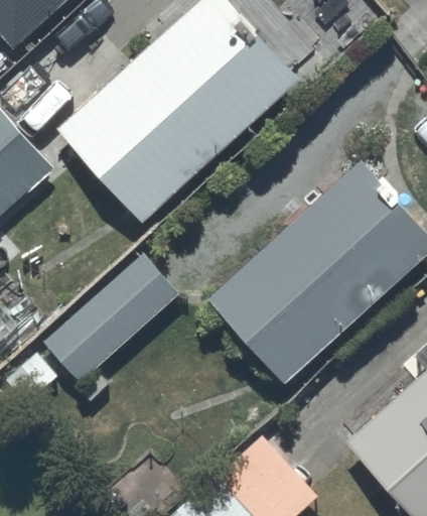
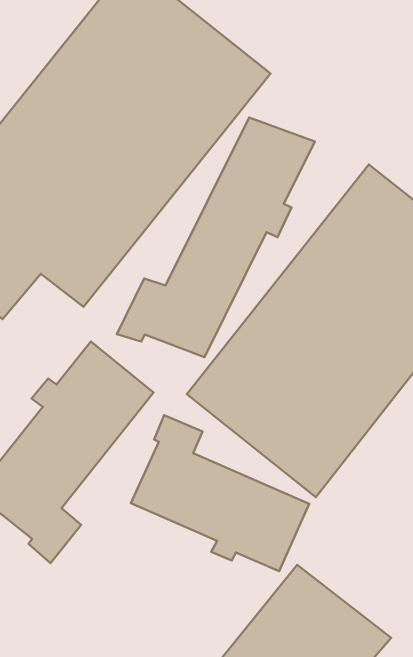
building: none -> [117,118,315,357]
building: none -> [131,415,309,571]

